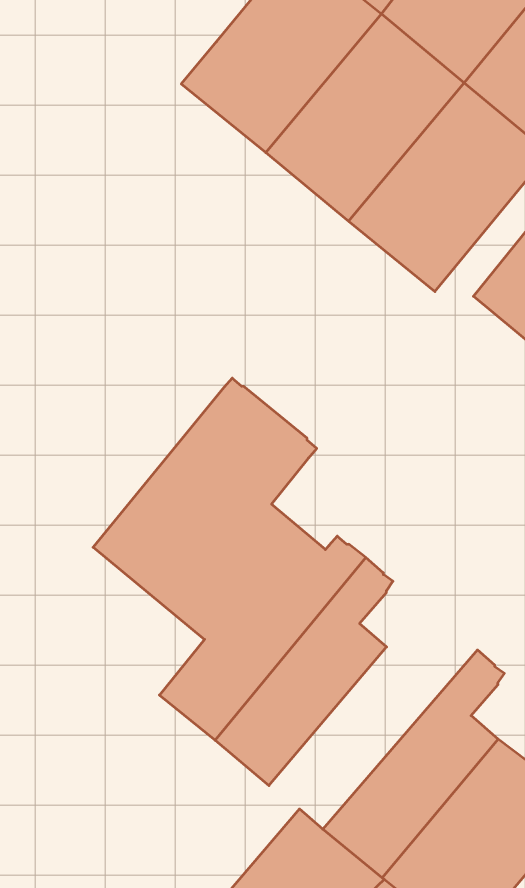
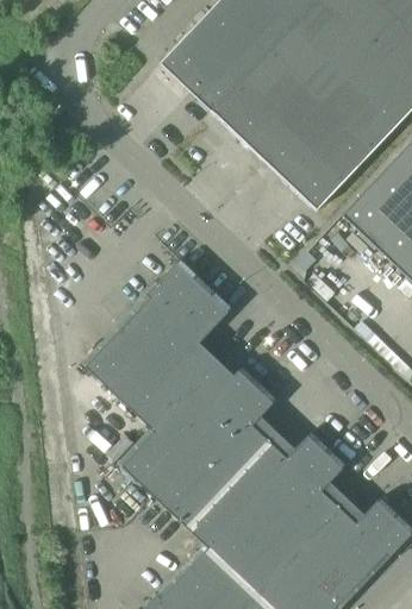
building: none -> [187,432,330,558]

